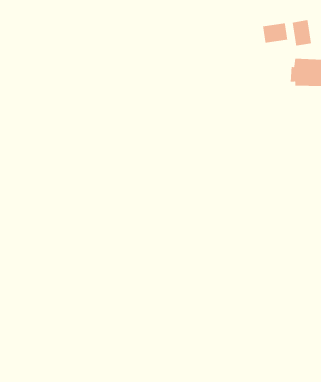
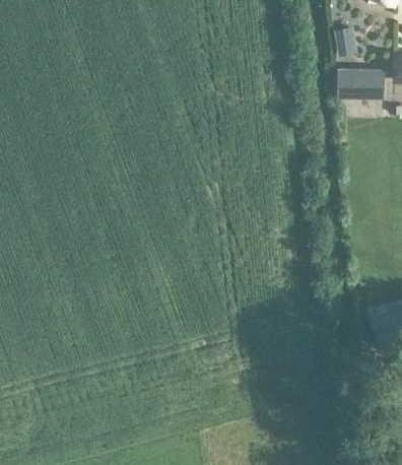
building: [263,22,288,44] -> none

